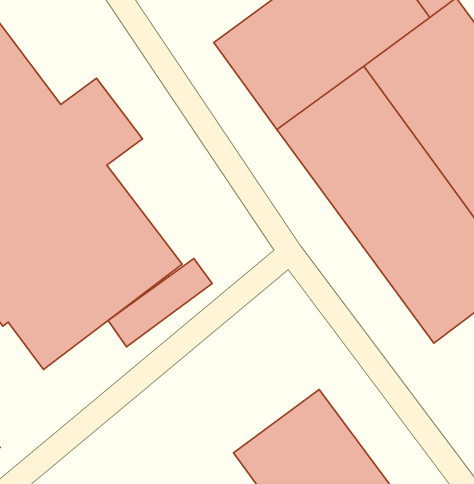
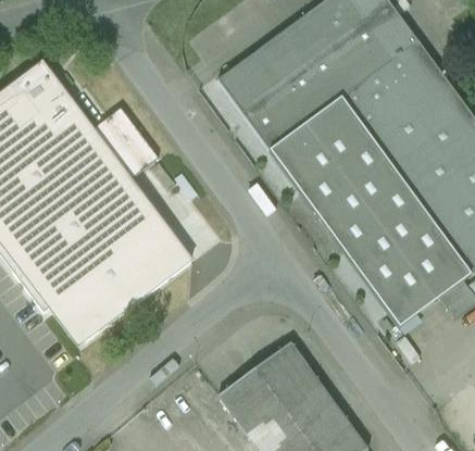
building: [108,258,212,347] -> [220,343,305,416]

